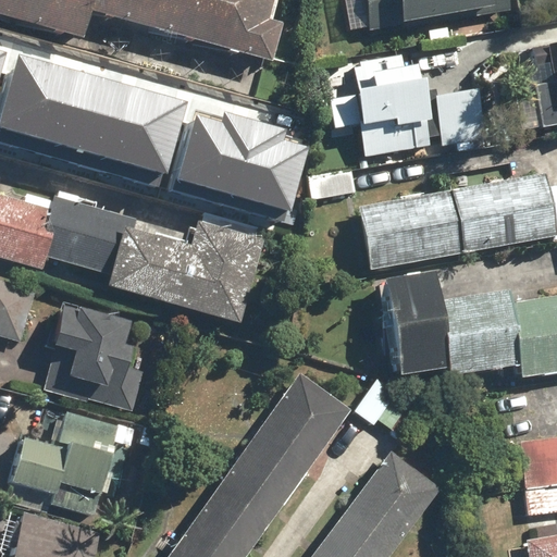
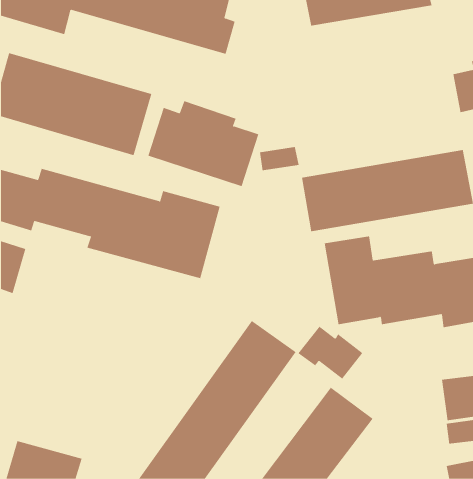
building: [351,53,432,156] -> none
building: [433,90,487,146] -> none
building: [54,305,139,389] -> none
building: [12,412,120,517] -> none

